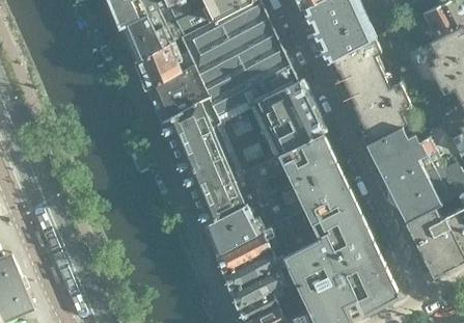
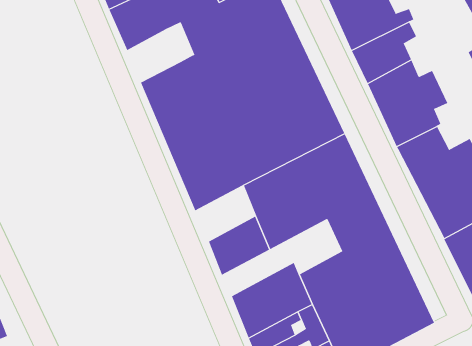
building: [136,45,182,90] -> none
building: [194,179,246,226] -> none
building: [217,208,320,273] -> none

